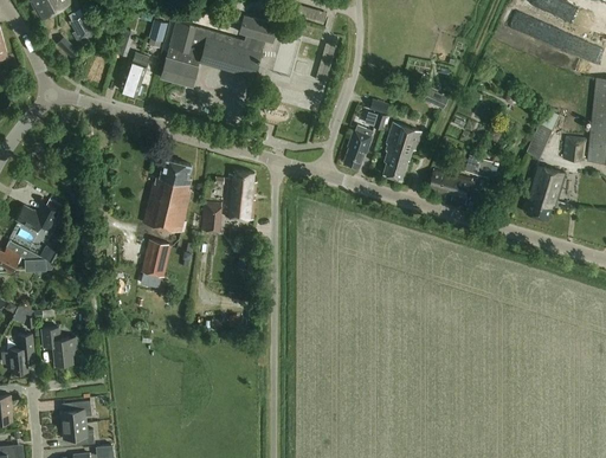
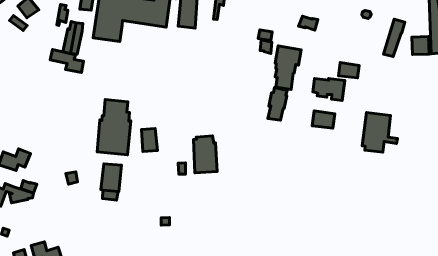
building: none -> [50,49,83,73]
building: [343,125,373,168] -> [268,88,287,120]
building: [523,167,569,220] -> [362,112,398,152]
building: [225,173,257,220] -> [194,136,217,173]
building: none -> [312,111,335,128]

